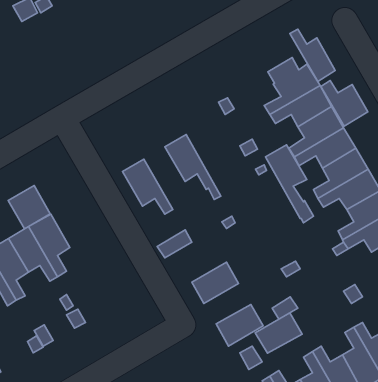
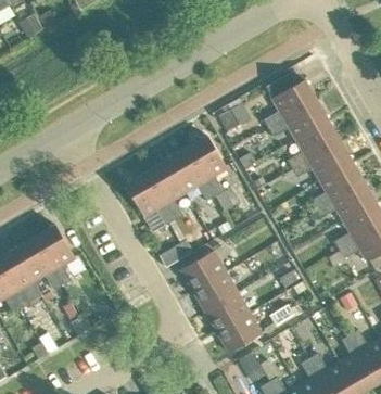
building: [290,29,335,82] -> none
building: [321,80,368,126] -> none
building: [265,145,313,223] -> [187,136,233,212]
building: none -> [145,160,186,220]
building: [8,186,50,229] -> none
building: none -> [180,251,226,291]
building: [255,313,302,353] -> [204,292,250,331]

